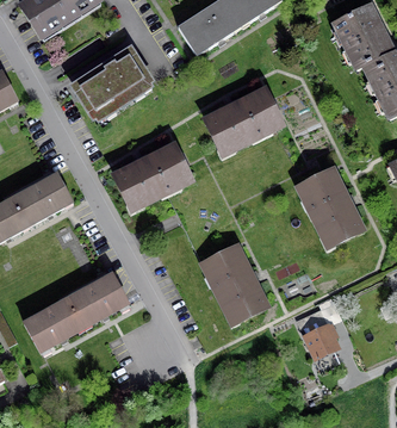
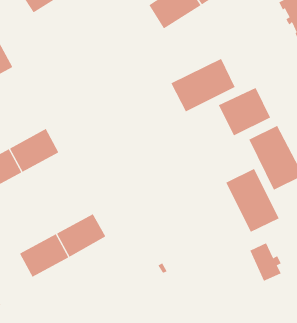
building: [73,48,151,116] -> none
building: none -> [218,87,271,136]
building: [114,143,192,209] -> none
building: [203,244,267,321] -> [226,168,280,232]

